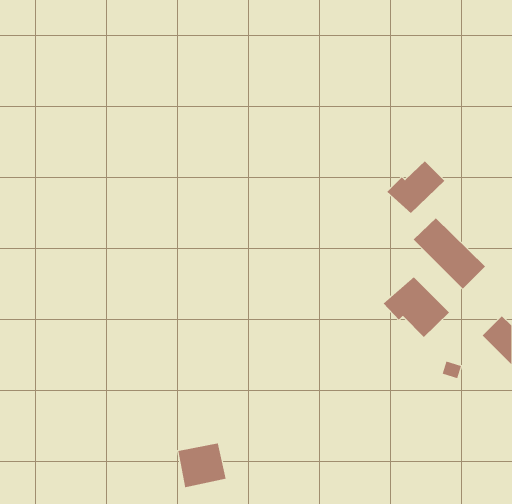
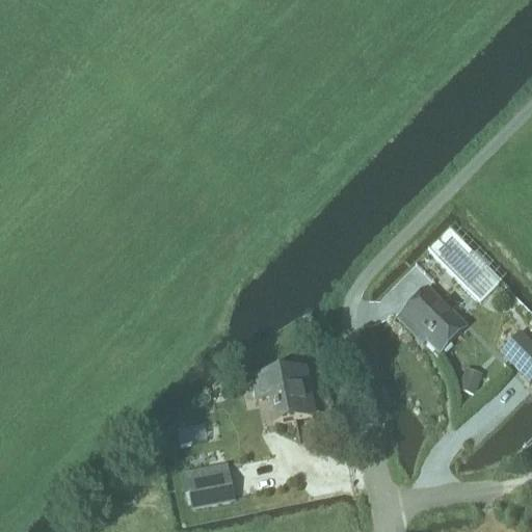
building: [386,160,445,214] -> none
building: none -> [251,366,313,420]

